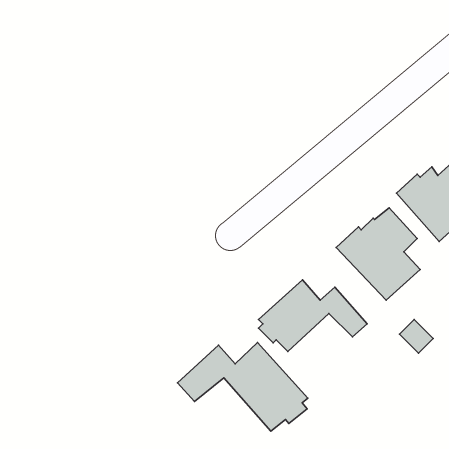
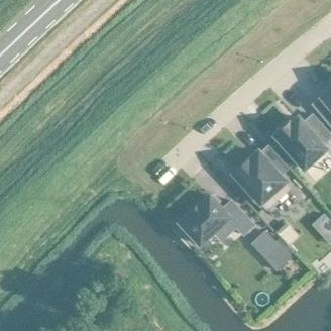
building: none -> [258,231,290,270]
building: [178,343,308,431] -> none

